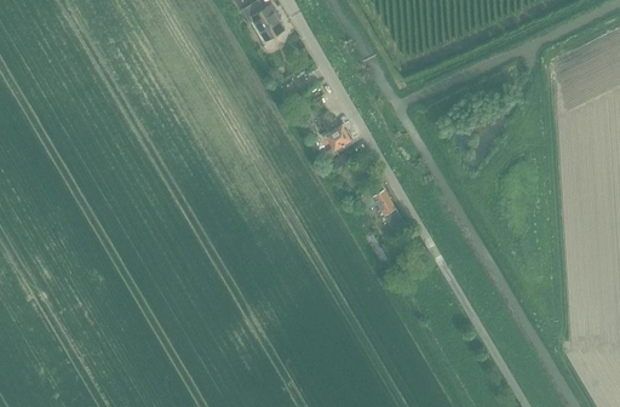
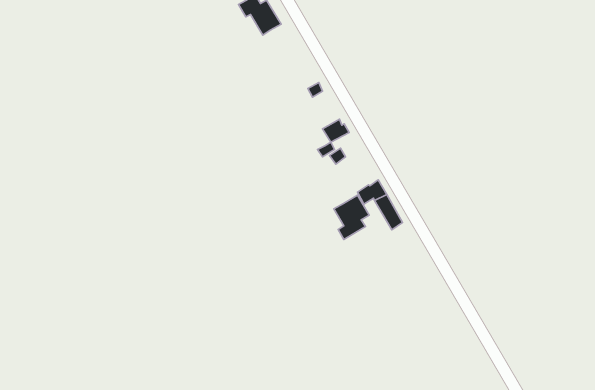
building: none -> [334,195,369,240]

